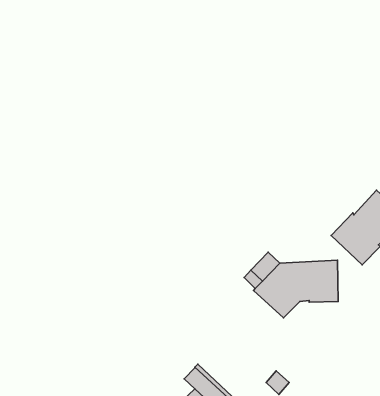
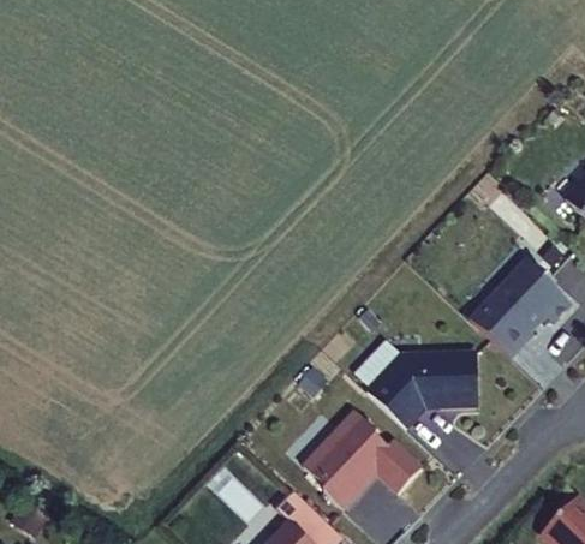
building: none -> [303,410,422,509]

